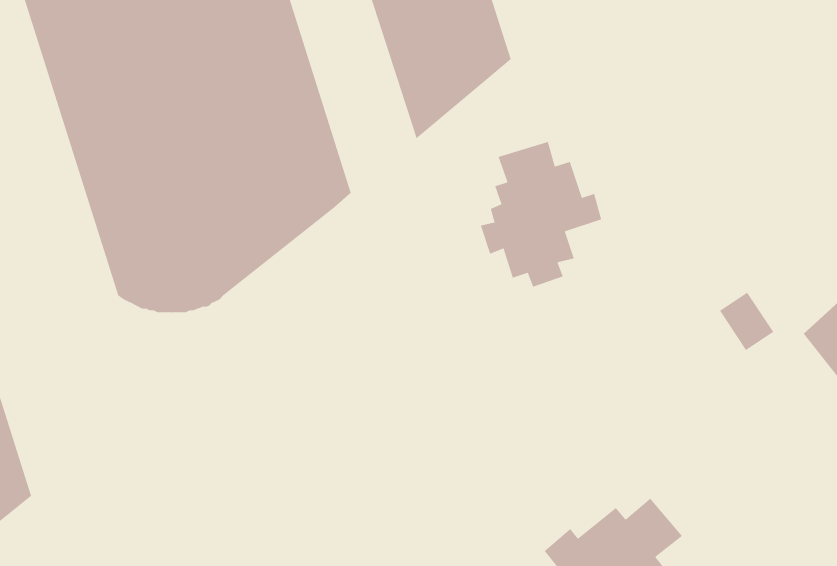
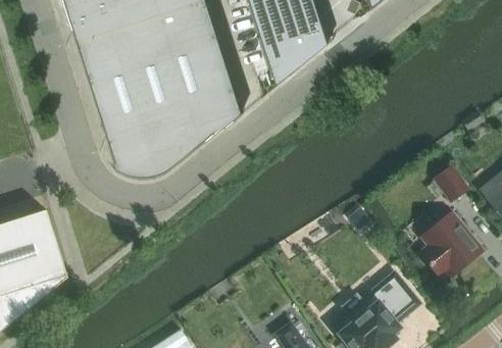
building: [480,141,602,288] -> none
building: none -> [422,213,481,274]

